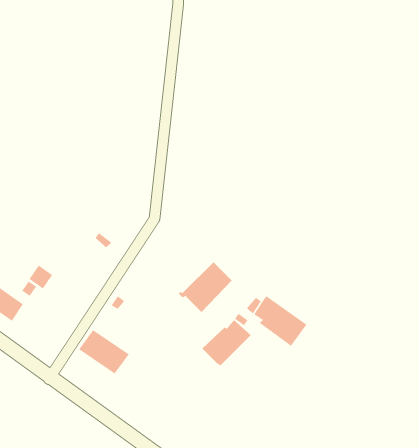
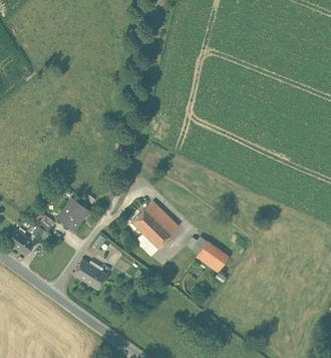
building: none -> [59,198,88,230]
building: [201,319,251,366] -> [130,202,164,234]

